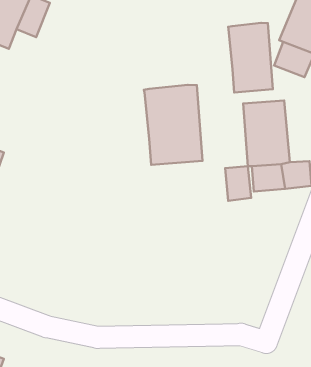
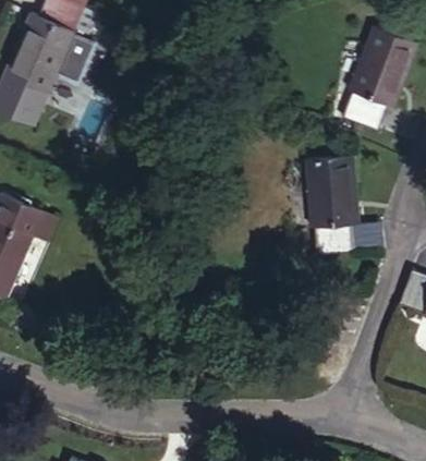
building: [228,23,273,92] -> none
building: [144,85,202,165] -> none
building: [225,166,251,201] -> none

